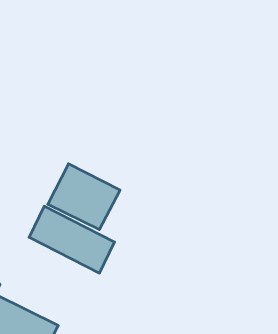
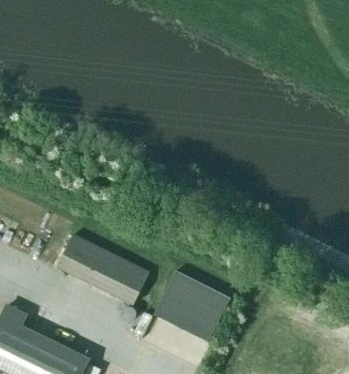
building: [48,164,120,230] -> [153,270,230,341]

